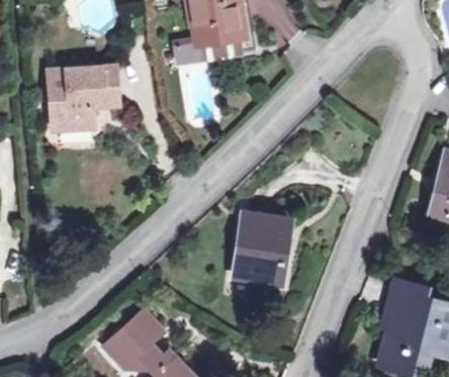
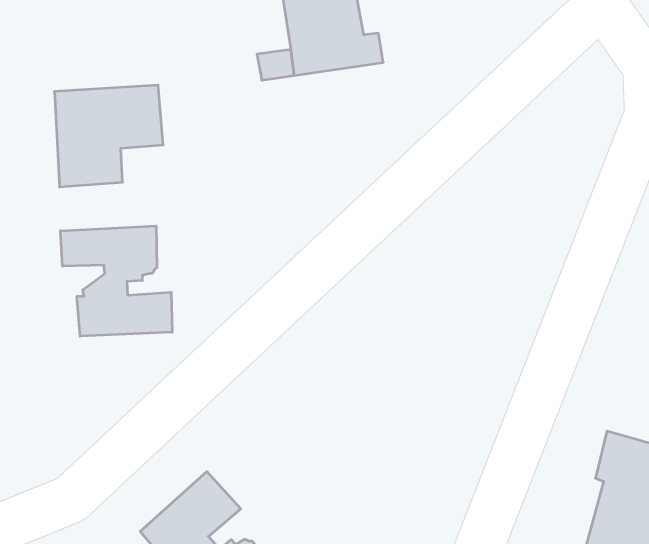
building: none -> [60,226,172,336]
building: [234,215,290,284] -> none

